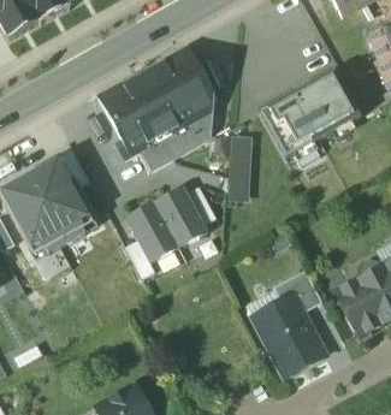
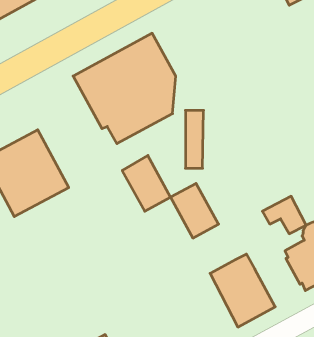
building: [268,67,356,143] -> none
building: [125,201,179,262] -> [170,183,219,238]
building: [273,269,322,312] -> [262,196,306,234]

